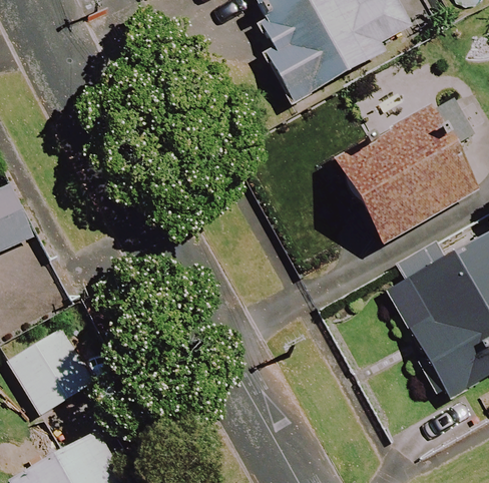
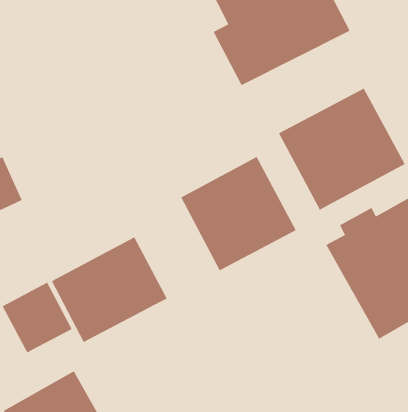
building: none -> [181,156,296,271]
building: none -> [51,237,167,343]

